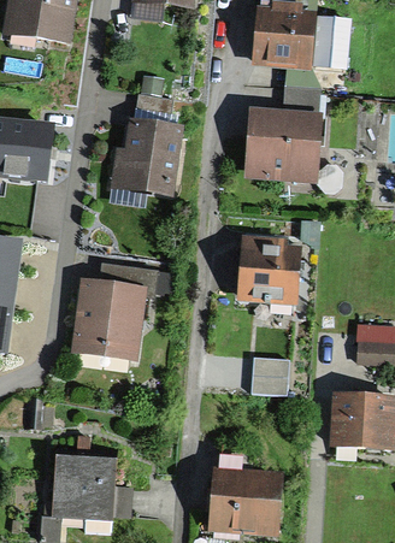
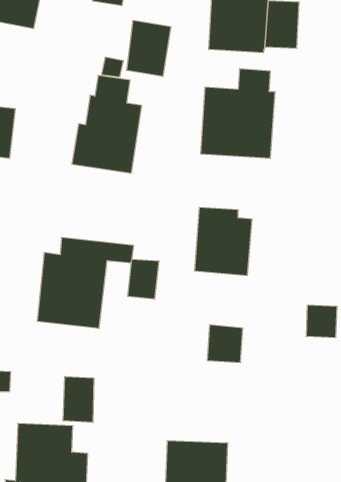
building: none -> [127,20,171,77]
building: none -> [128,259,159,299]
building: [332,401,387,449] -> none
building: none -> [63,376,94,423]

